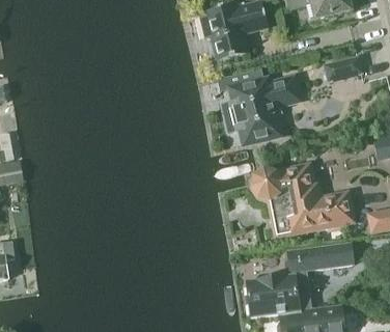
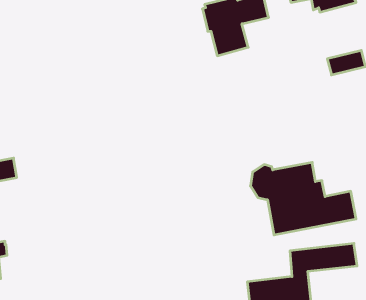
building: [216,67,299,142] -> none

